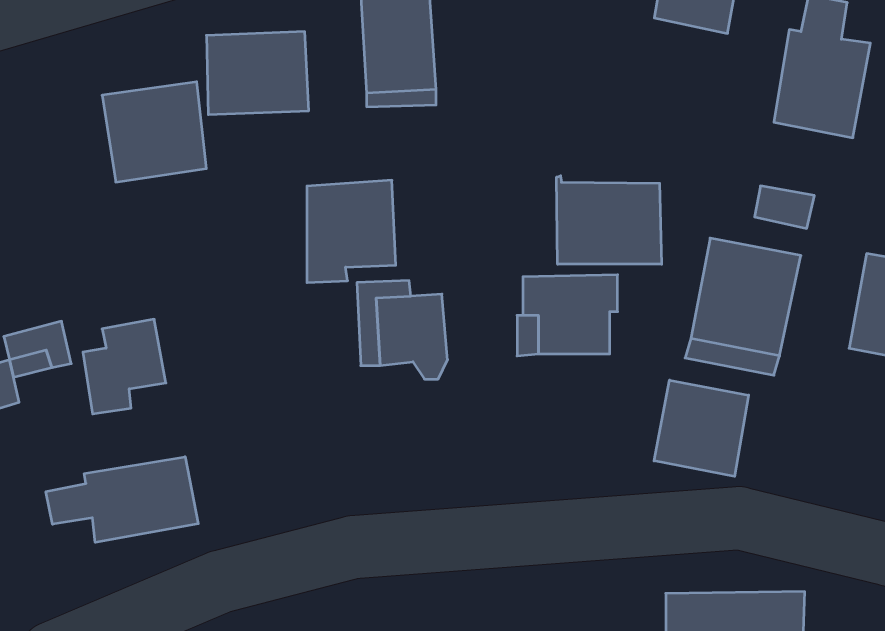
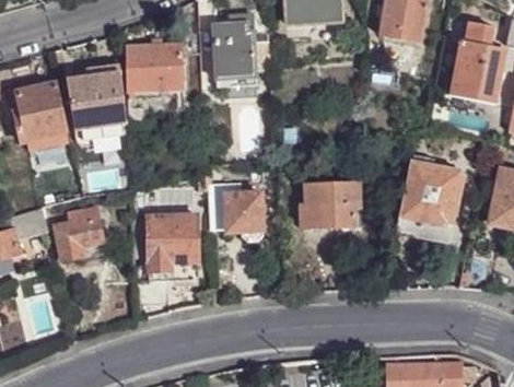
building: none -> [16,83,67,140]
building: [557,176,662,264] -> none
building: [307,180,396,283] -> [148,213,198,271]
building: [654,380,749,476] -> none
building: [46,457,198,542] -> none

